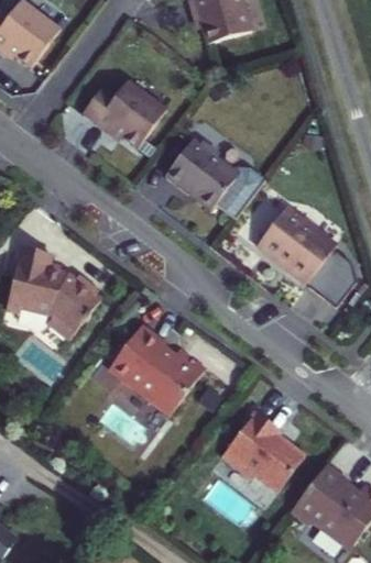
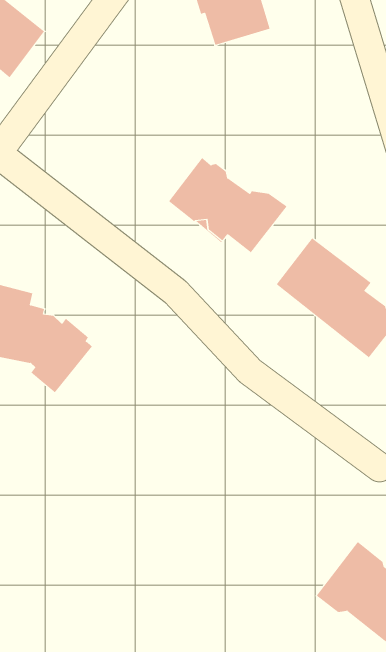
building: [80,81,164,150] -> none
building: [109,323,204,415] -> none
building: [221,410,304,489] -> none

